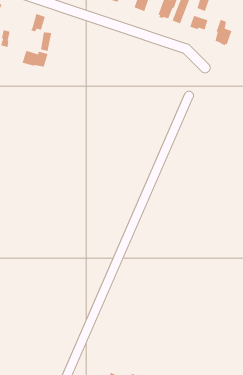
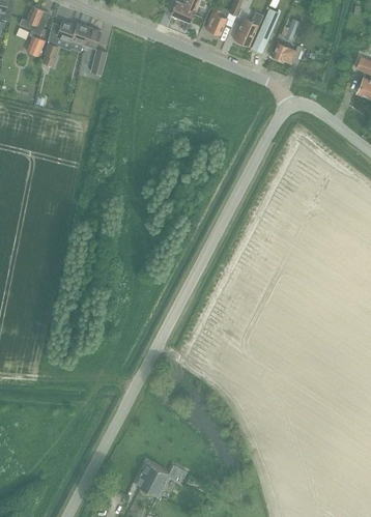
building: [215,19,233,46] -> none
building: [22,50,49,68] -> [55,20,88,42]

